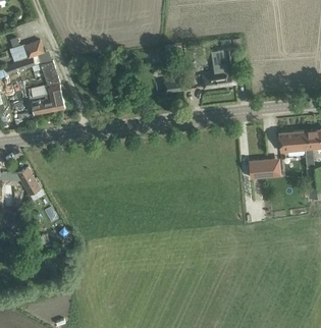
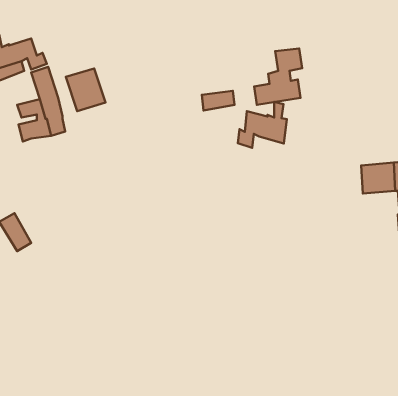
building: none -> [66,68,106,111]
building: none -> [238,102,287,148]
building: [256,158,282,177] -> none

